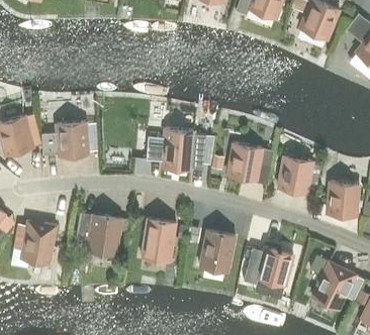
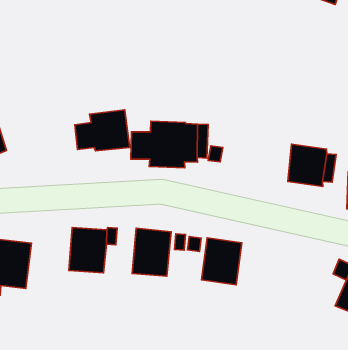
building: [42,122,88,155] -> [75,110,130,151]
building: [227,143,262,180] -> none
building: [244,243,293,285] -> none

